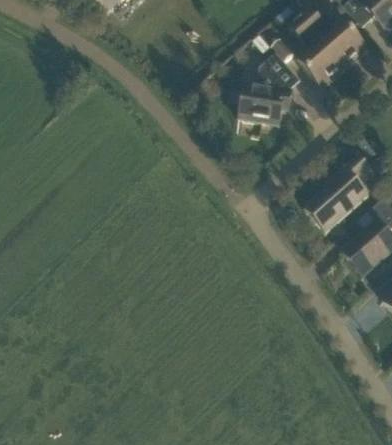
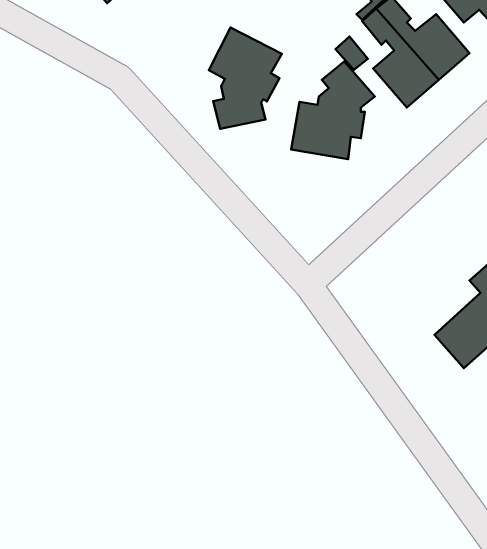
building: none -> [209,28,282,129]
building: [305,152,375,231] -> none

